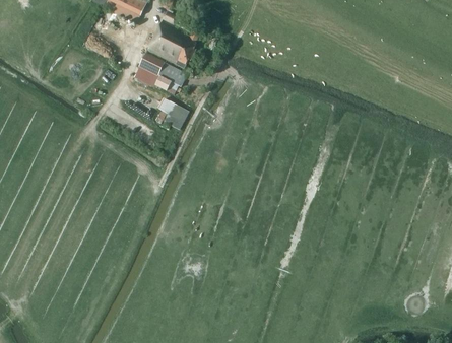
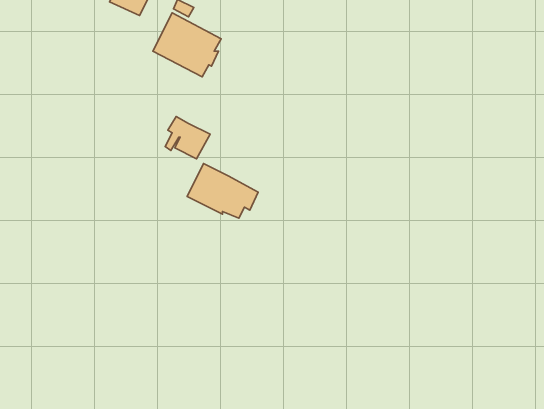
building: [133,52,186,92] -> [187,164,258,218]

